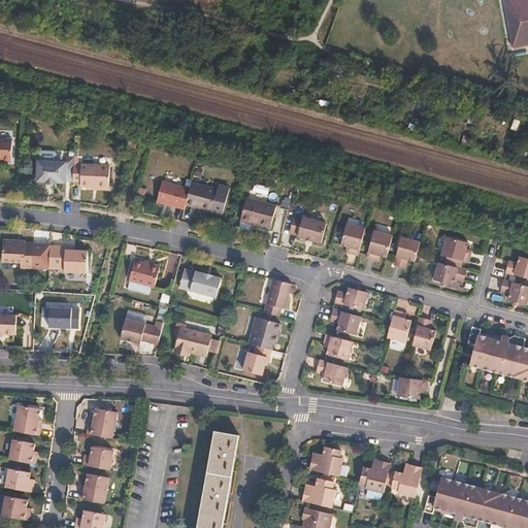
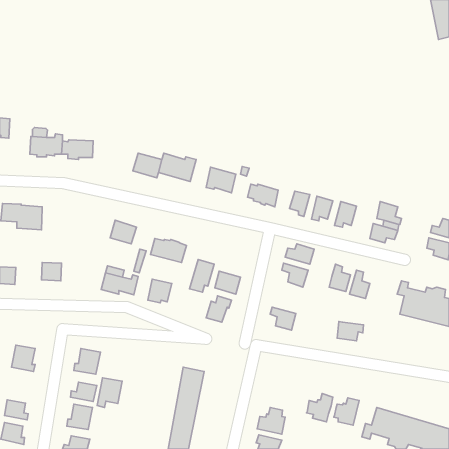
building: [48,244,88,273] -> none
building: [264,278,293,317] -> [189,260,214,292]
building: [323,334,353,360] -> none
building: [9,439,37,464] -> none
building: none -> [97,378,122,407]
building: [308,446,341,476] -> none

